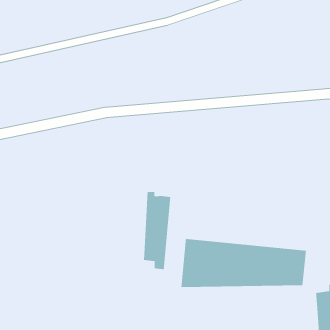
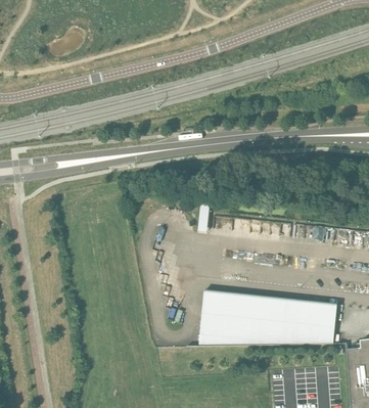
building: [143,191,171,270] -> none

